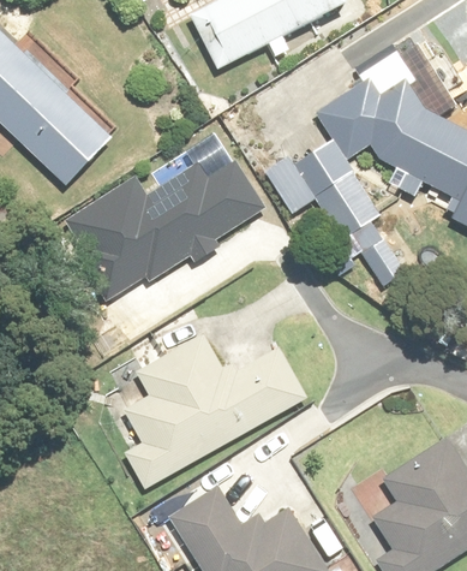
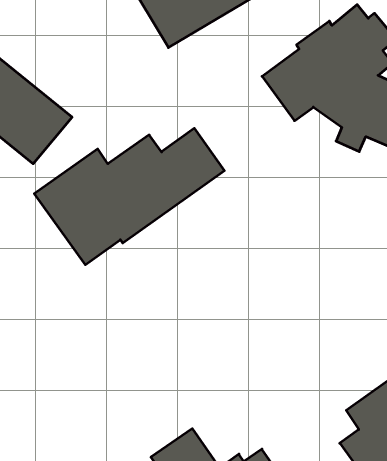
building: [295,139,401,282] -> none
building: [121,329,310,489] -> none

